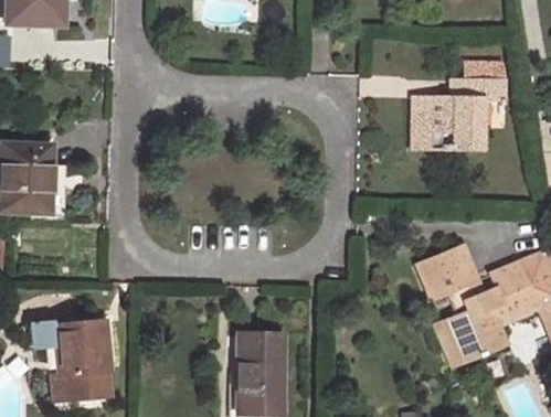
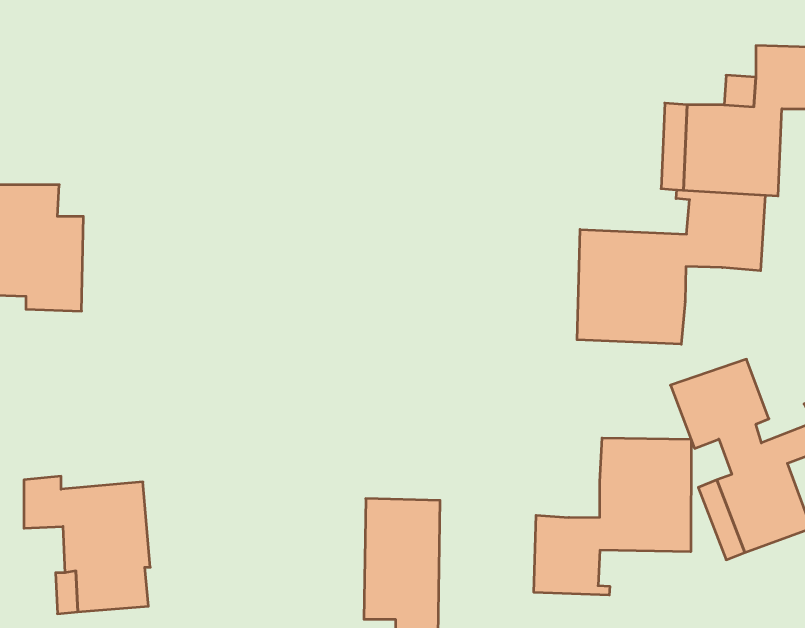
building: none -> [577,190,765,344]
building: none -> [534,438,691,595]

